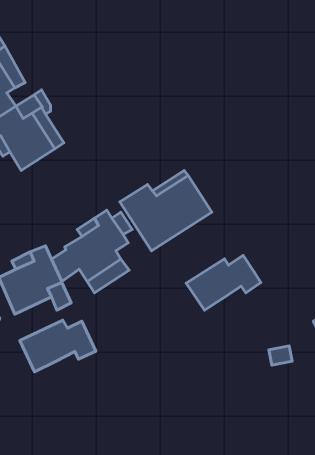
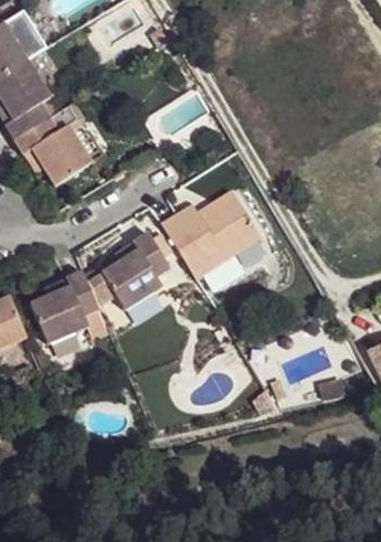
building: [186,255,261,310] -> none
building: [20,320,96,372] -> none

